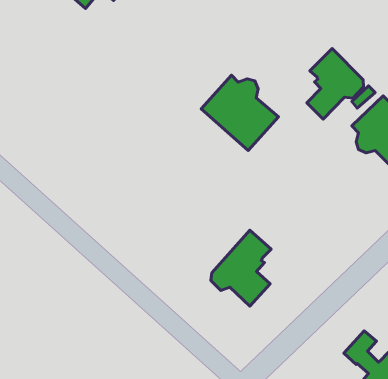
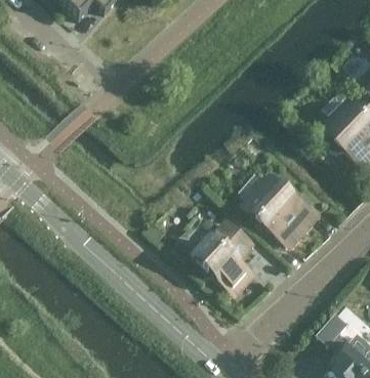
building: [307,49,363,119] -> none
building: [201,75,278,150] -> [244,173,315,242]

